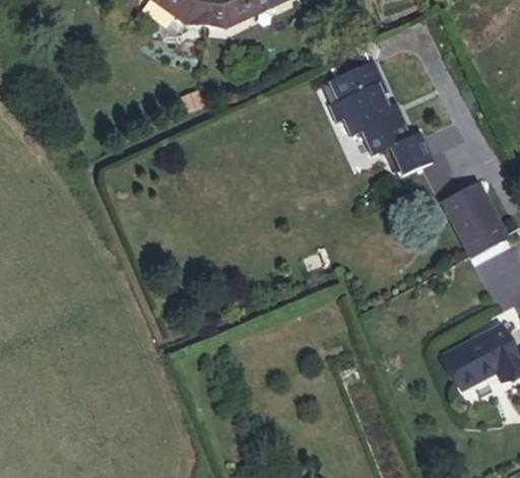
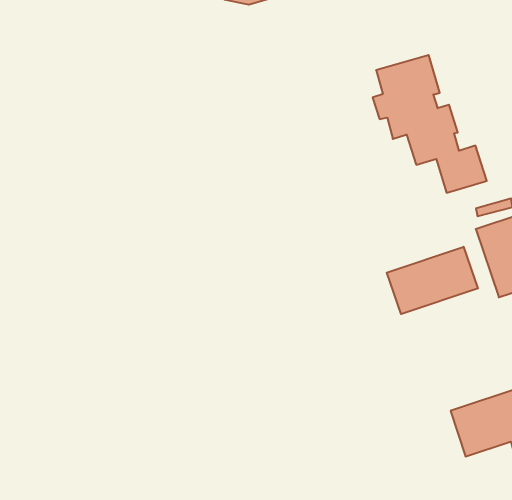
building: none -> [387,247,478,314]

